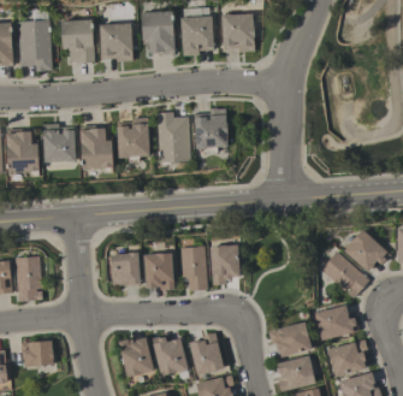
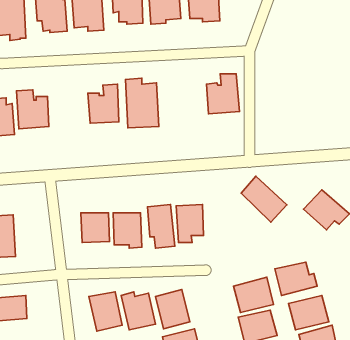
building: [195,108,230,150] -> [206,74,240,114]
building: [81,129,113,170] -> none
building: [320,250,368,299] -> [241,176,287,222]

